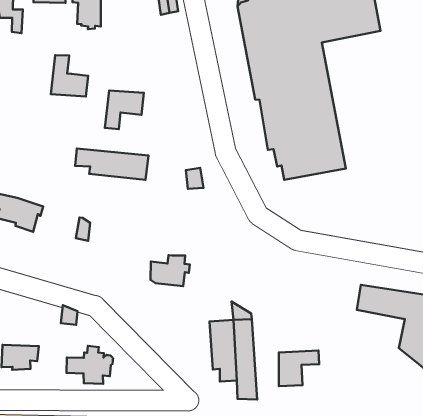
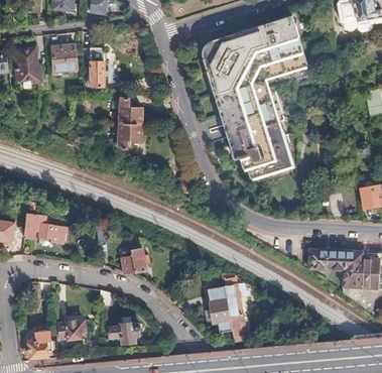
building: [51,55,88,97] -> [116,100,141,129]
building: [75,148,148,180] -> none
building: [150,255,190,286] -> [120,250,148,272]
building: [279,351,319,386] -> none

